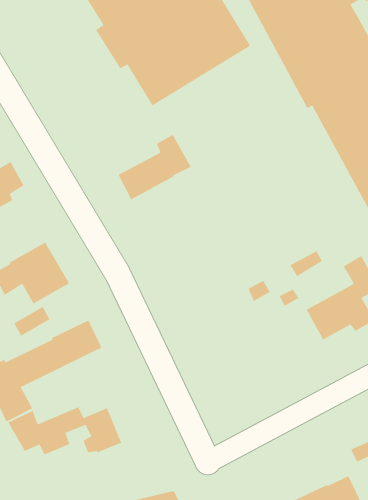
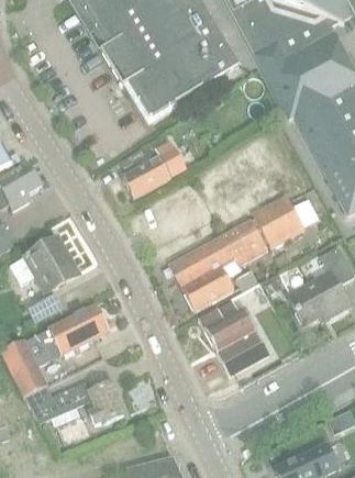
building: none -> [254,199,303,246]
building: none -> [170,220,265,311]
building: none -> [199,300,269,374]

